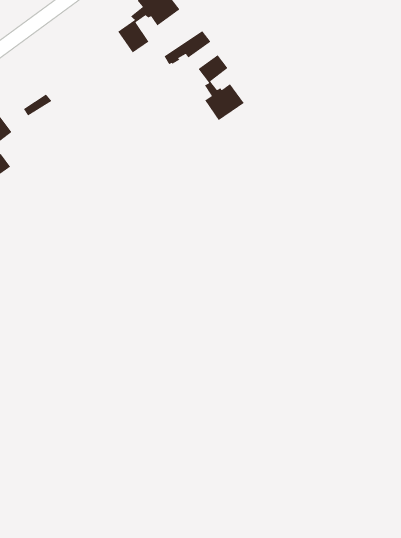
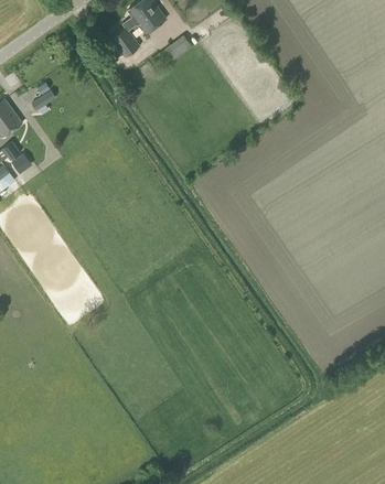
building: [198,54,245,121] -> none

